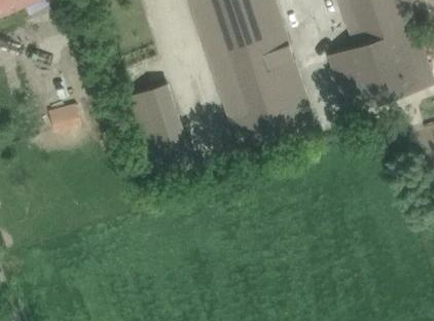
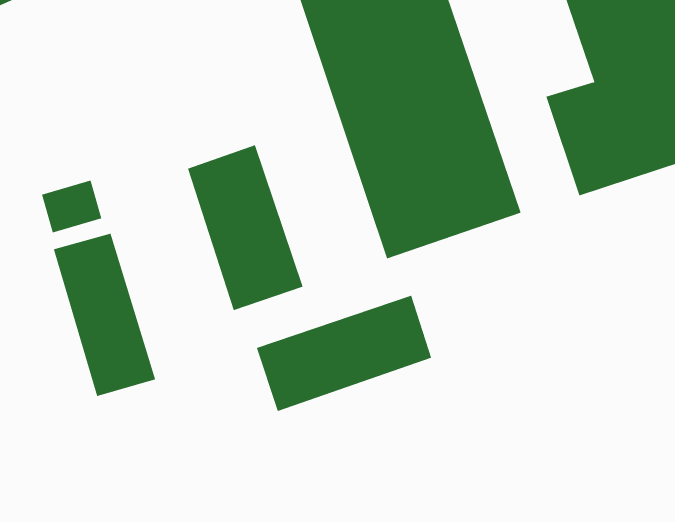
building: none -> [53,233,156,397]
building: none -> [256,295,432,412]

